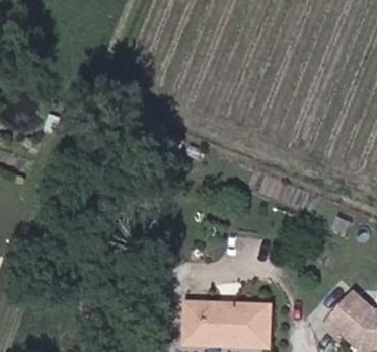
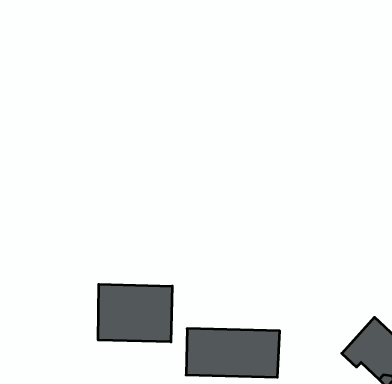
building: none -> [98,284,172,342]

